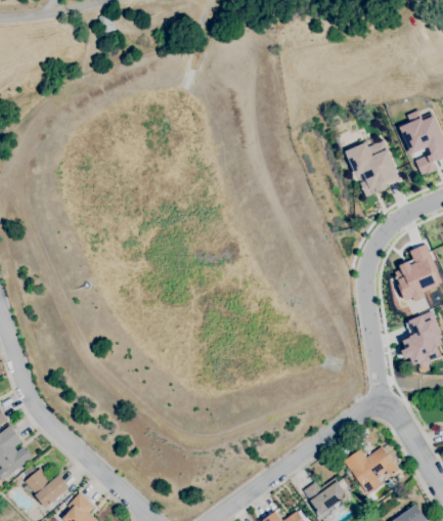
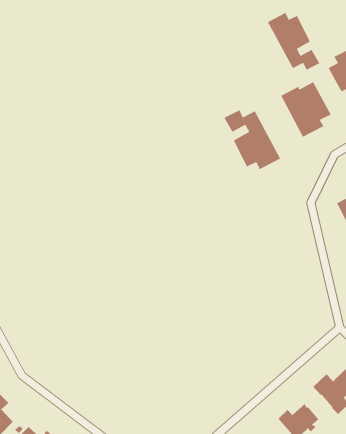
building: none -> [267,12,321,71]
building: none -> [223,109,281,170]

